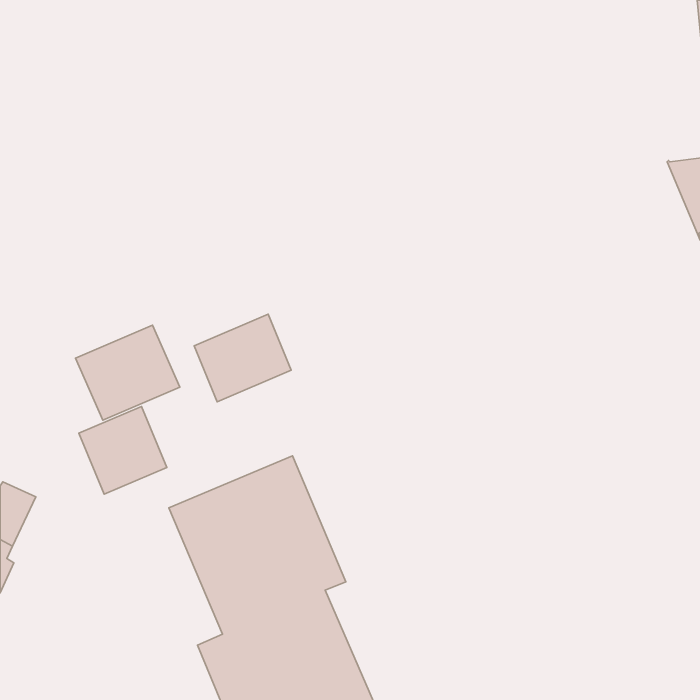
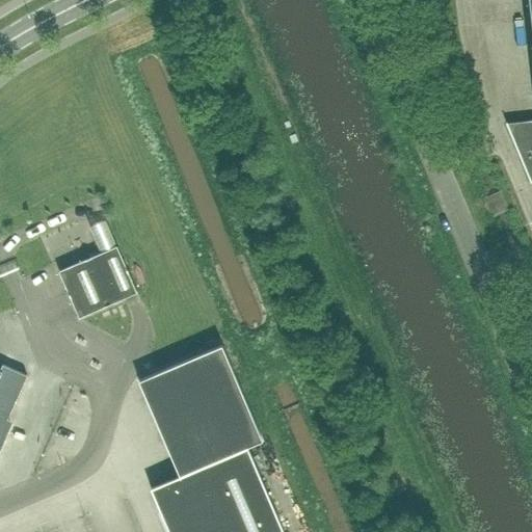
building: [194,314,291,402] -> none
building: [79,406,167,494] -> none

